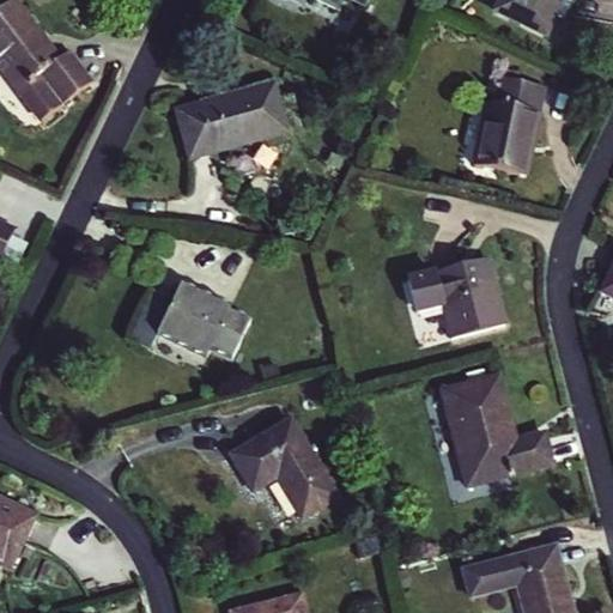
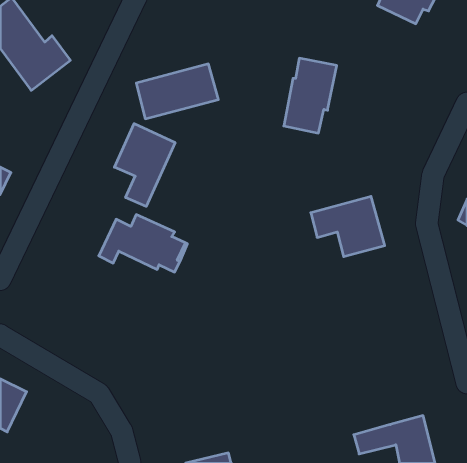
building: [475,74,545,172] -> [284,58,337,133]
building: none -> [114,124,175,206]
building: [442,375,551,485] -> none
building: [232,418,336,515] -> none

